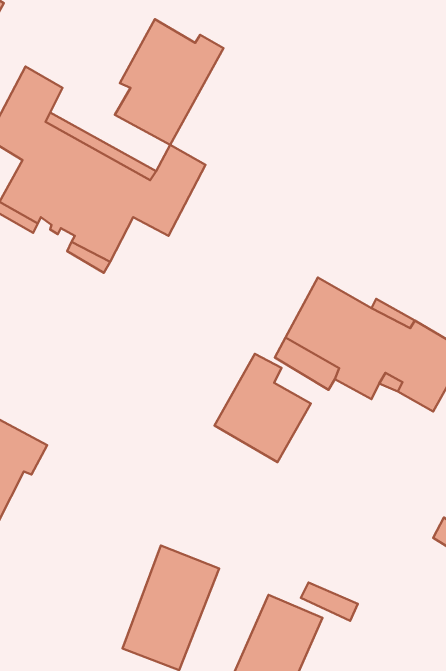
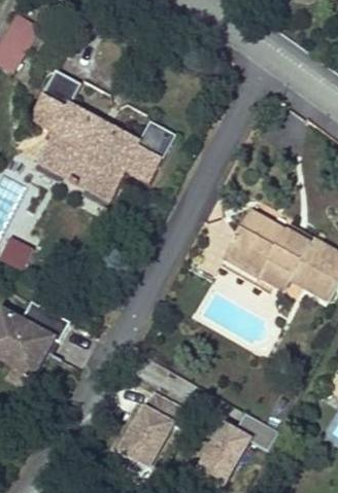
building: [115,19,224,145] -> none
building: [214,354,311,462] -> none

